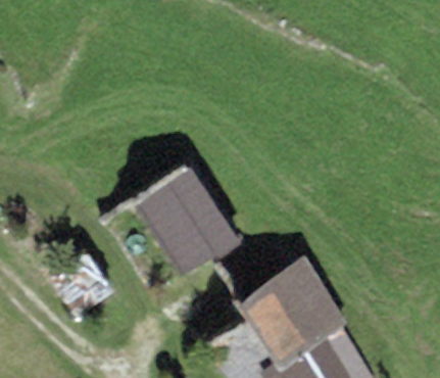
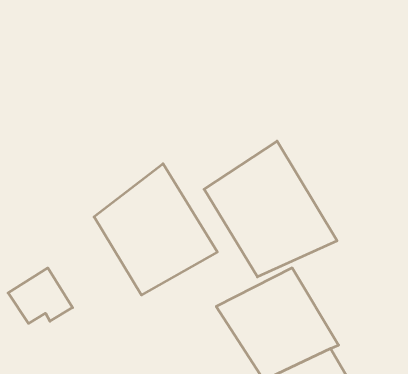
building: none -> [204,141,337,277]

